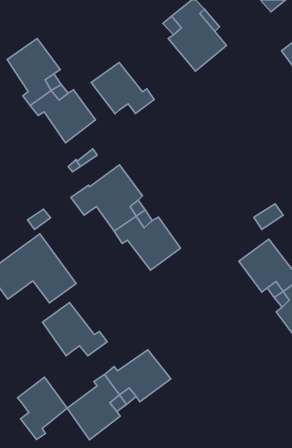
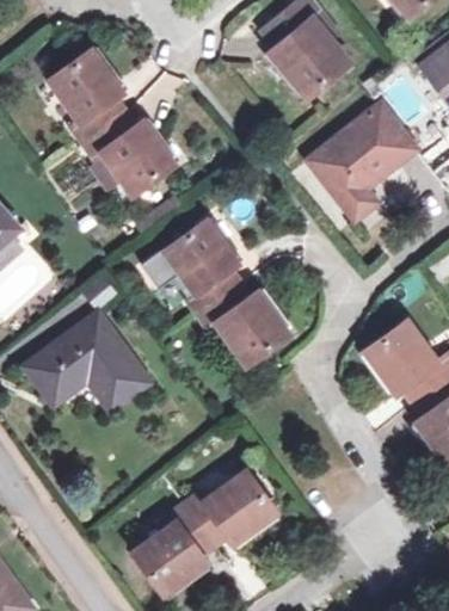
building: [91,63,154,114] -> none
building: none -> [307,105,414,217]
building: [43,303,107,356] -> none
building: [18,377,67,440] -> none

